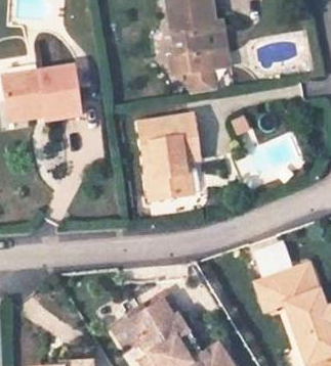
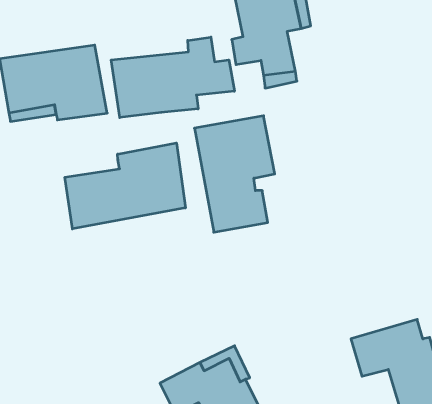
building: none -> [111,37,234,118]
building: none -> [65,143,185,229]

